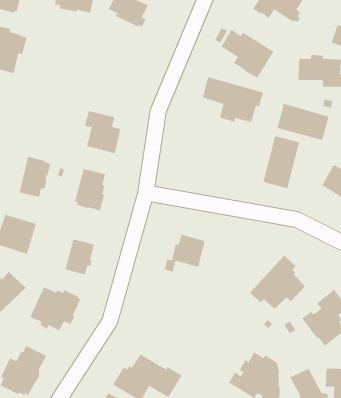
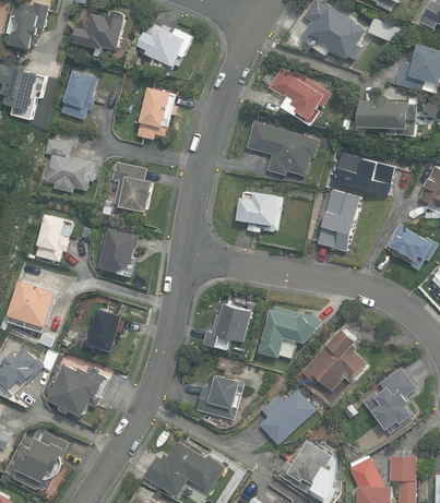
building: none -> [60,70,97,118]
building: none -> [136,86,177,140]
building: none -> [43,139,95,192]
building: none -> [236,190,282,231]
building: none -> [259,308,320,358]
building: none -> [194,373,243,419]
building: none -> [258,388,316,444]

